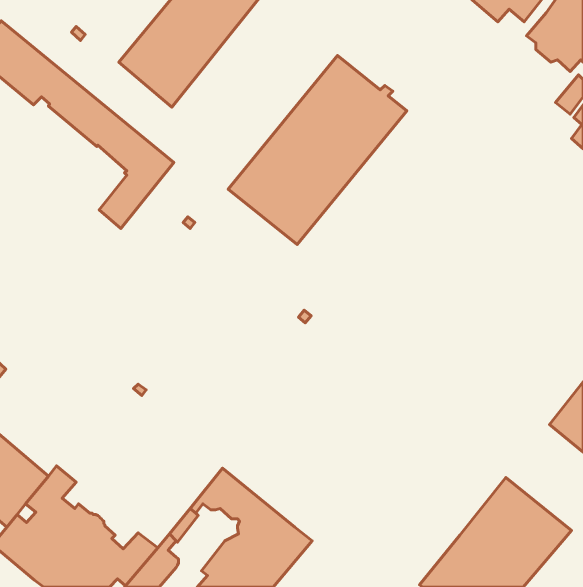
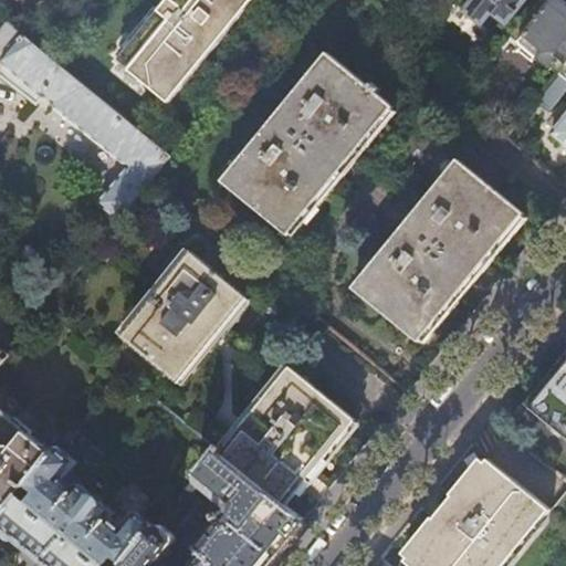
building: none -> [350,159,521,342]
building: none -> [119,249,245,380]
building: none -> [213,367,353,505]

